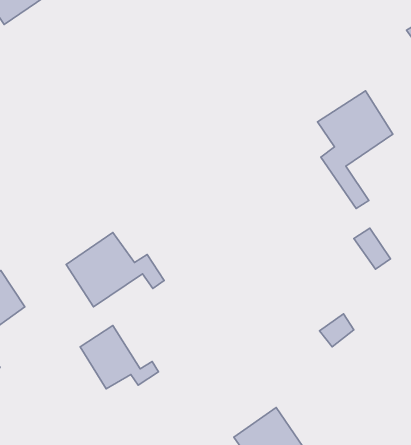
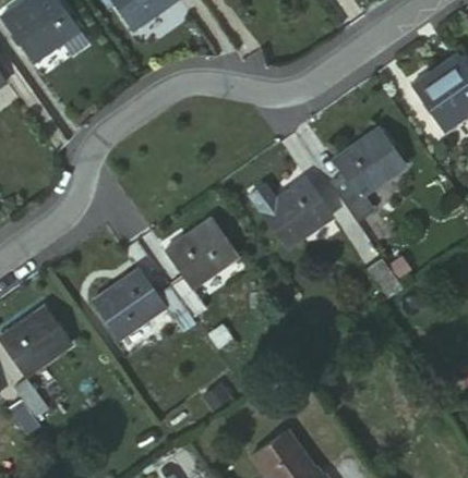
building: none -> [255,179,335,247]
building: none -> [163,219,236,312]
building: [80,325,159,389] -> none

